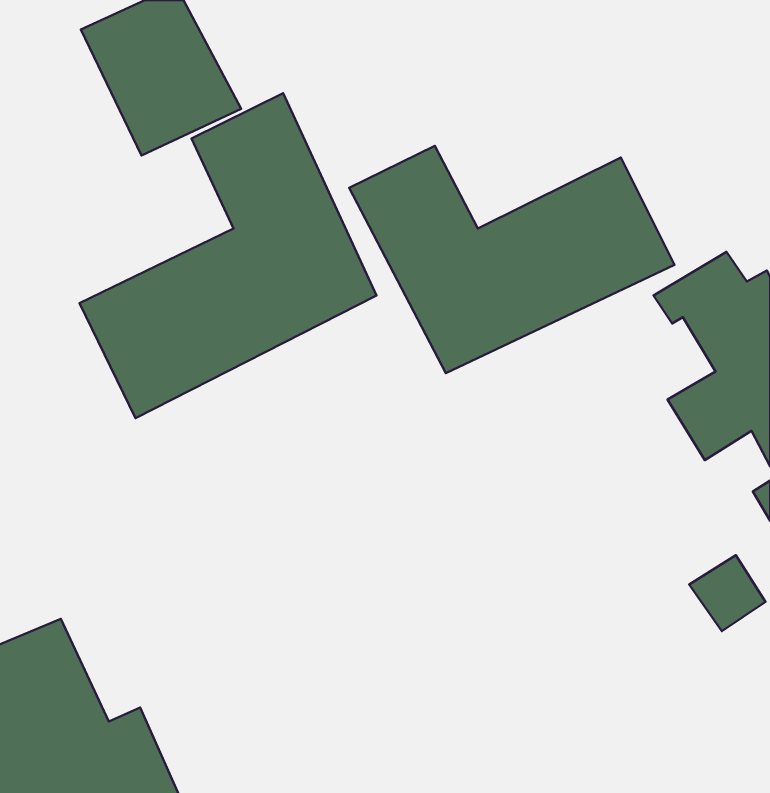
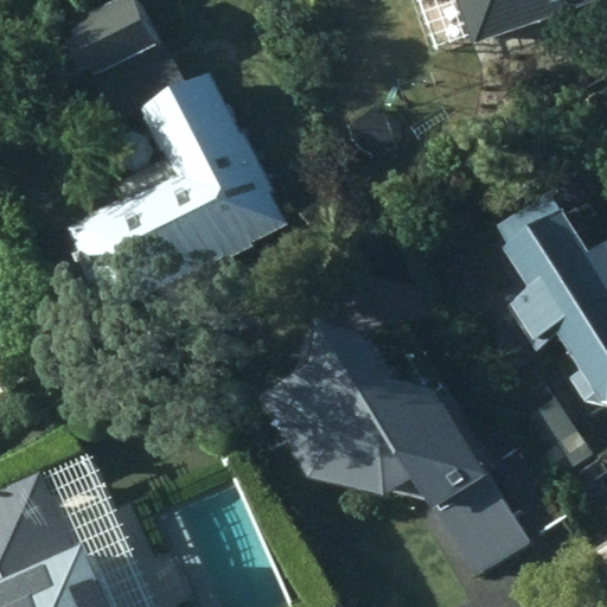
building: [349,146,674,373] -> none
building: none -> [283,319,529,574]

